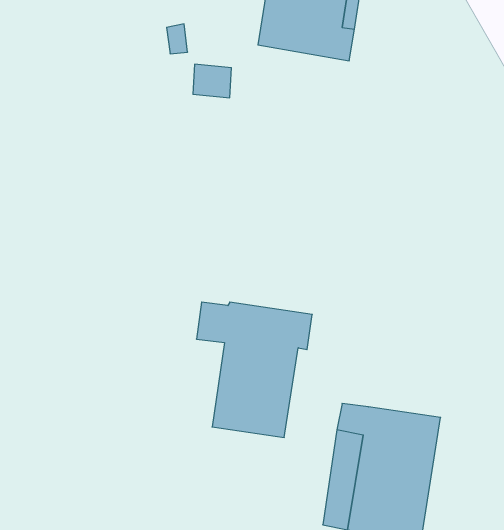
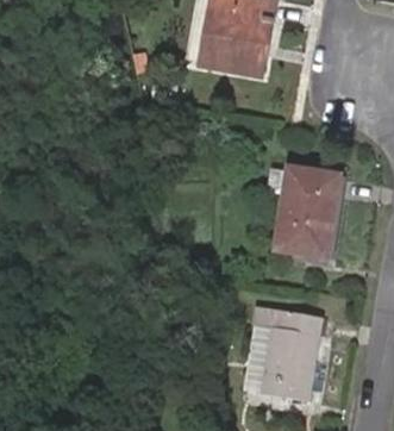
building: [196,302,312,437] -> [269,165,348,257]

